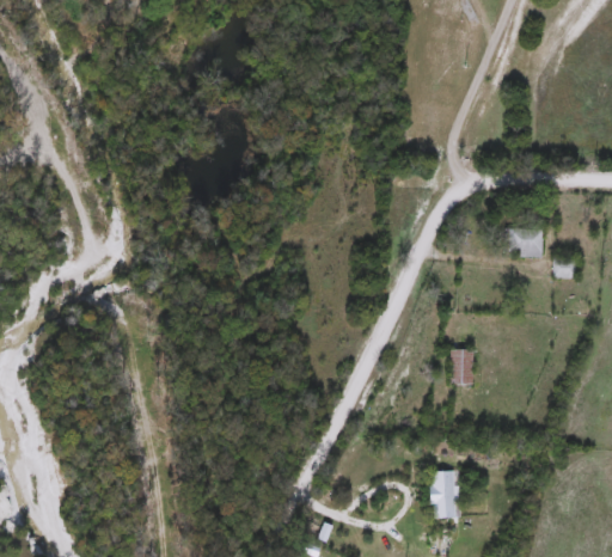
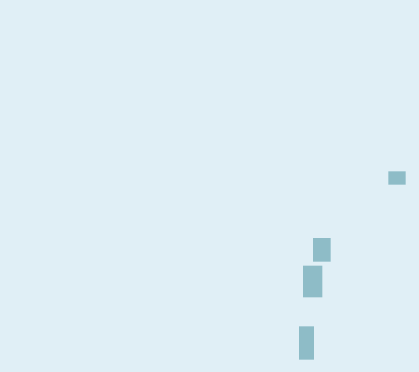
building: [510,227,545,256] -> none
building: none -> [302,265,323,298]

